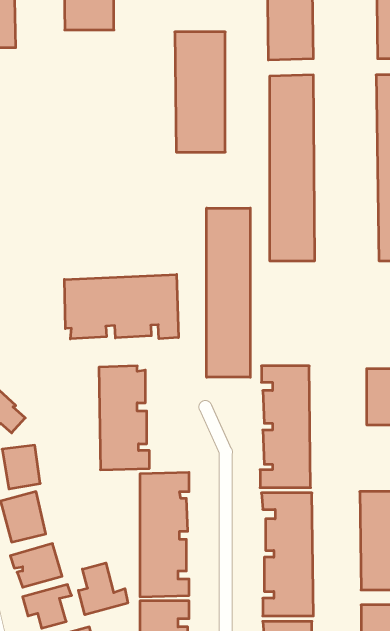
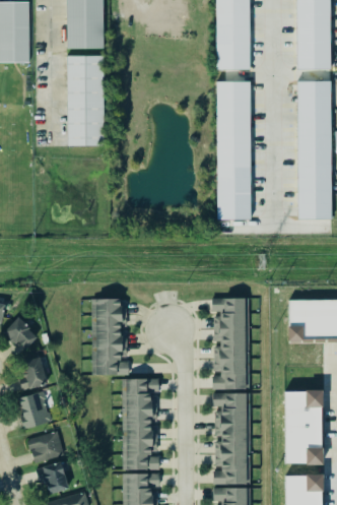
building: [175,32,225,152] -> [66,55,104,144]
building: [207,208,250,377] -> none
building: [64,274,178,339] -> none
building: [78,563,128,615] -> none

